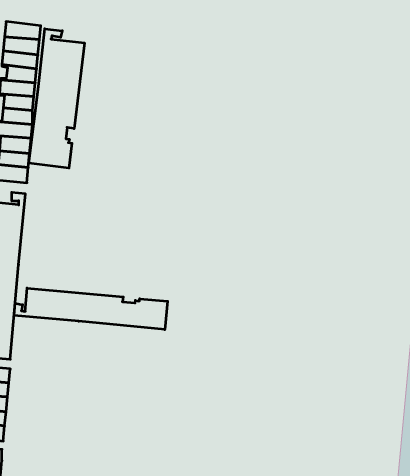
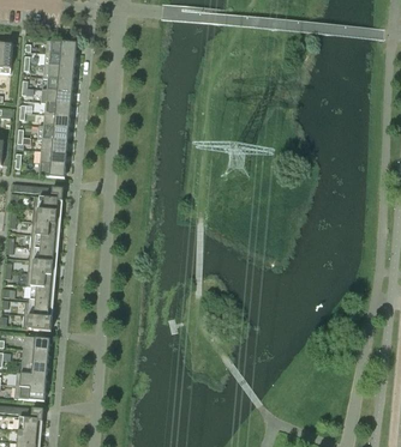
building: [29,29,84,168] -> none
building: [14,288,168,330] -> none

